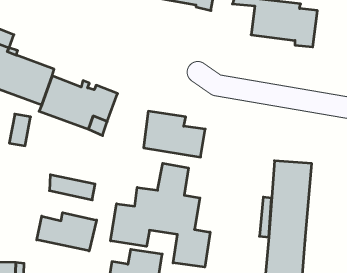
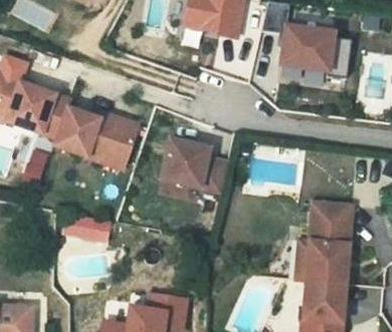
building: [111,163,210,267] -> none
building: [37,213,97,251] -> none

